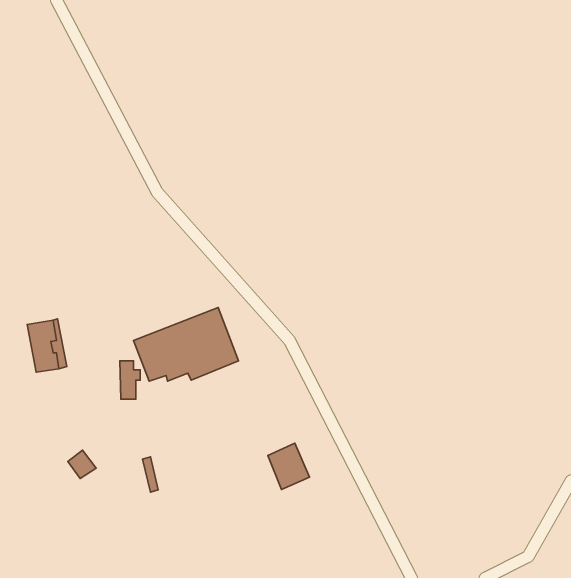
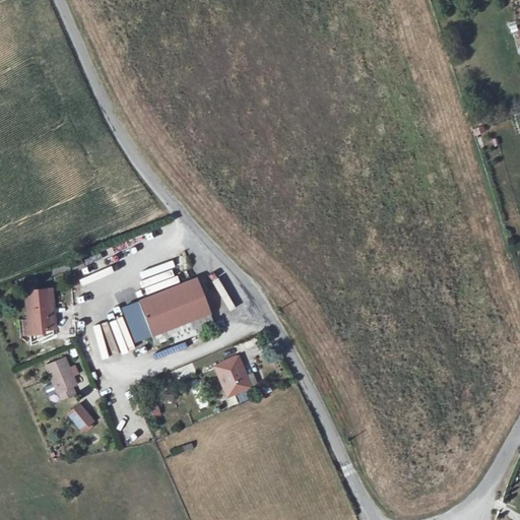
building: none -> [45,356,74,396]
building: [268,443,310,489] -> [214,356,252,398]

